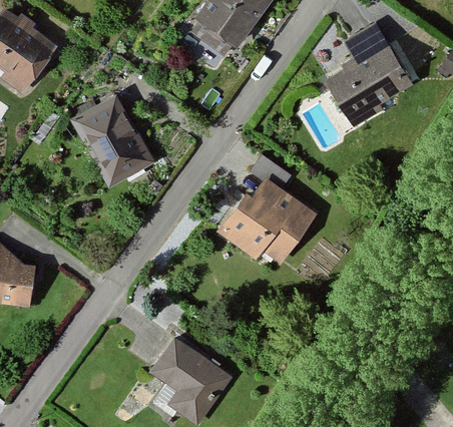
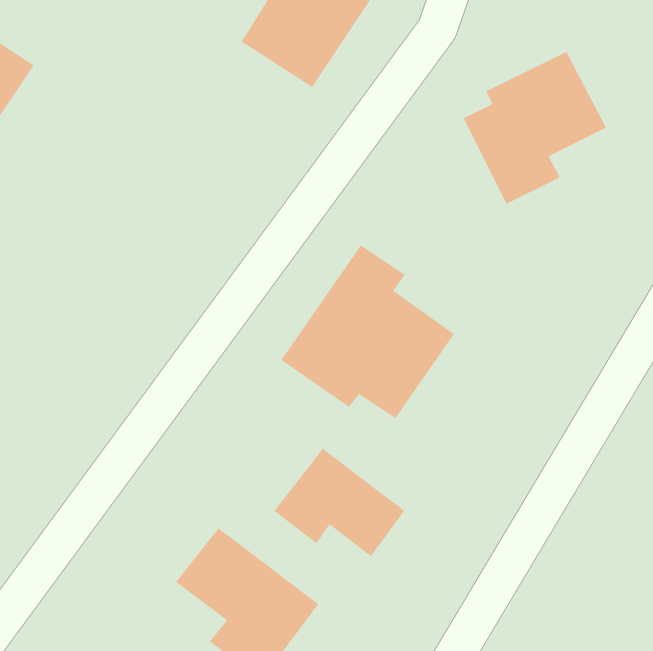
building: [69,89,154,188] -> none
building: none -> [274,448,405,557]

